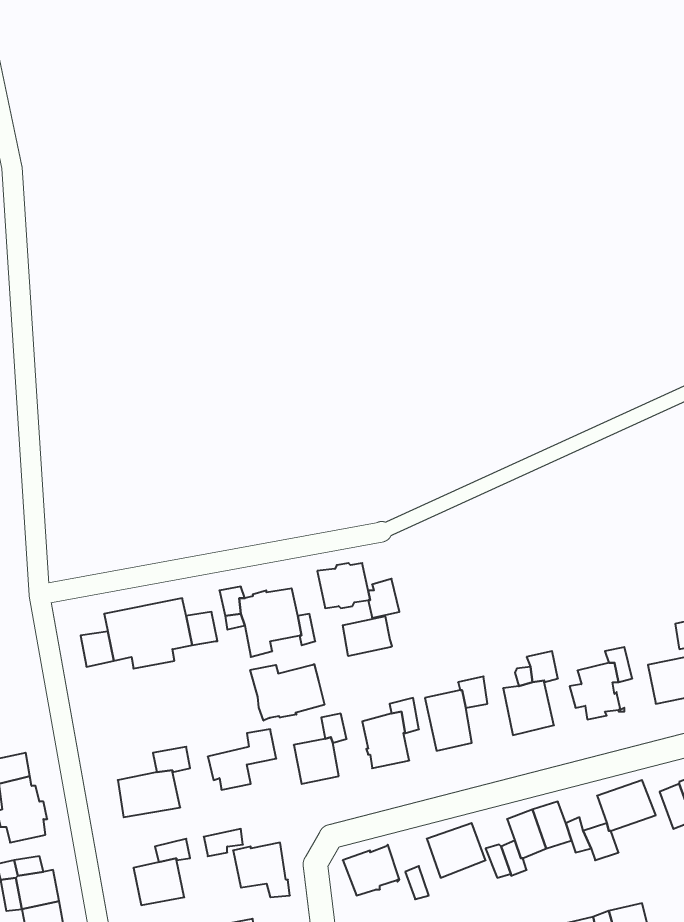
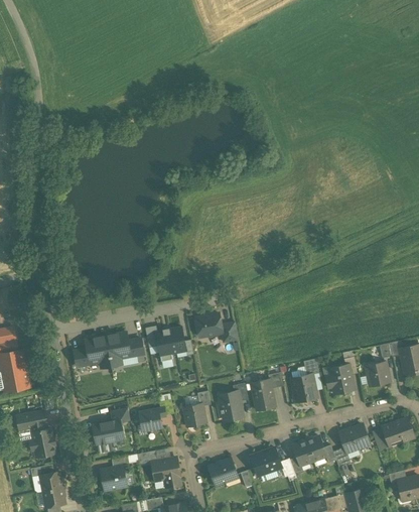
building: [343,616,392,656] -> none
building: [250,664,324,721] -> none

